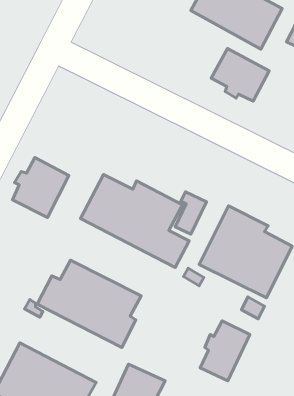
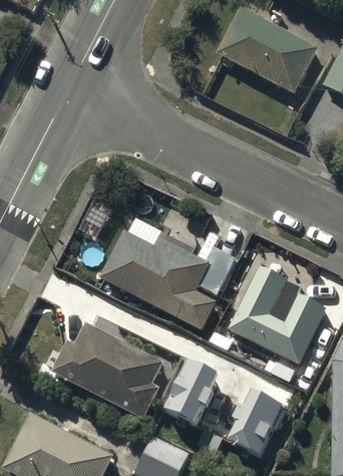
building: [211,48,269,101] -> none
building: [12,157,69,217] -> none
building: none -> [162,358,222,424]

